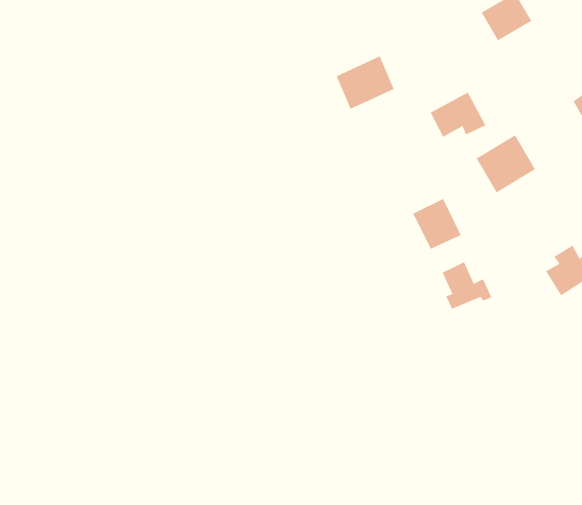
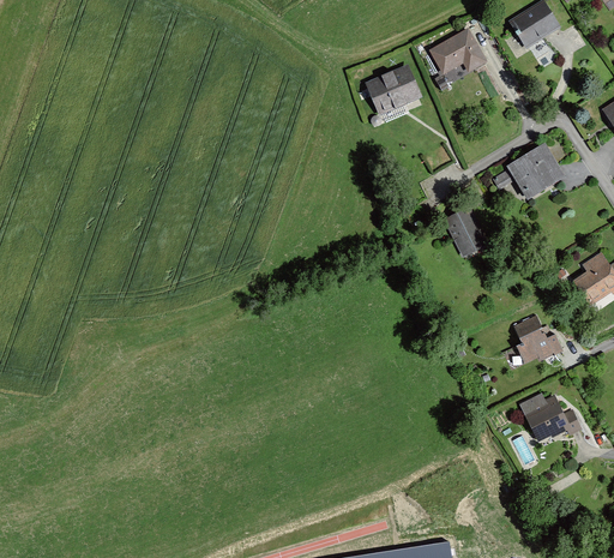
building: [430,92,486,137] -> [429,29,486,74]
building: [442,262,492,309] -> [513,314,564,362]
building: none -> [522,392,582,442]

